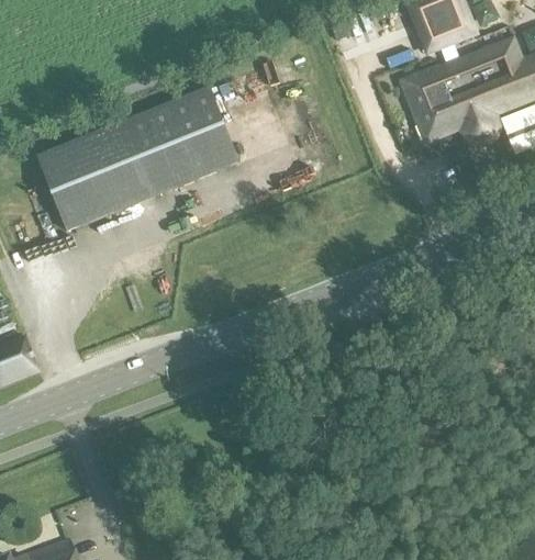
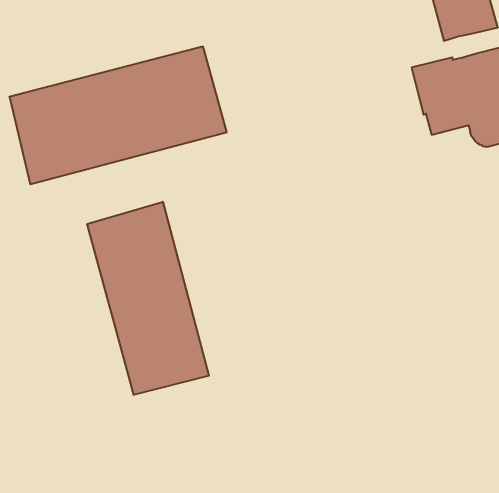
building: none -> [87,202,209,395]

